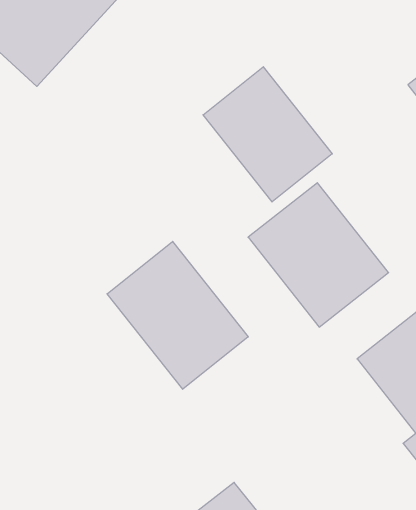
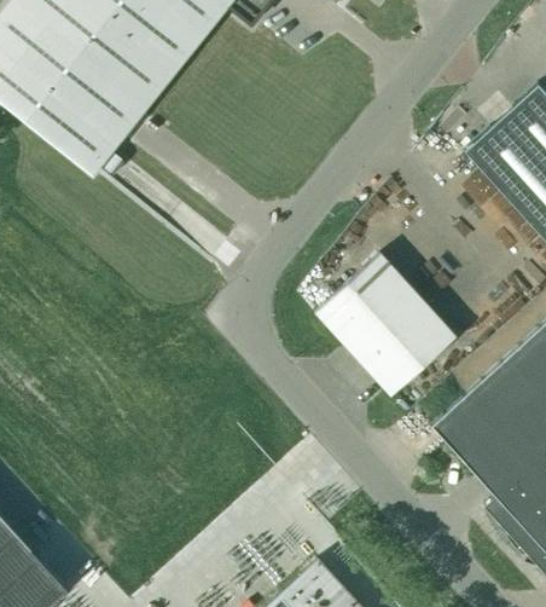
building: [203,67,332,202] -> none
building: [107,241,248,389] -> none

